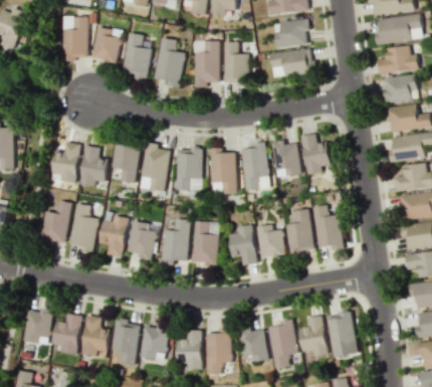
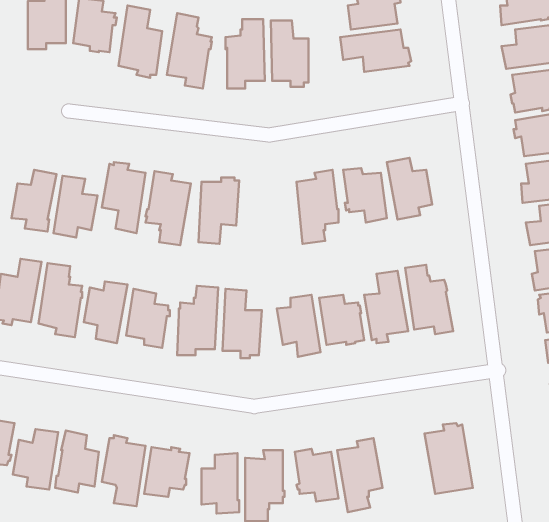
building: [209,149,236,195] -> none
building: [298,317,328,357] -> none

